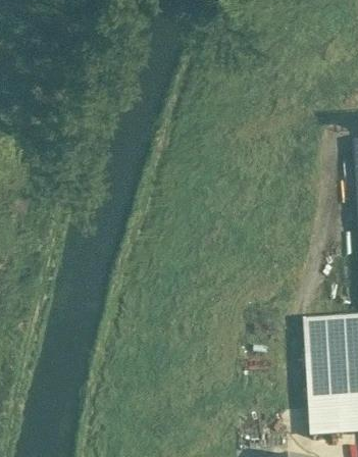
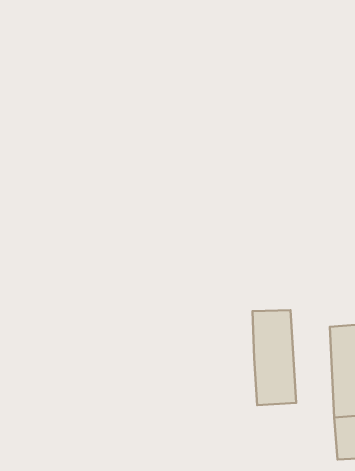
building: none -> [252,310,296,405]

